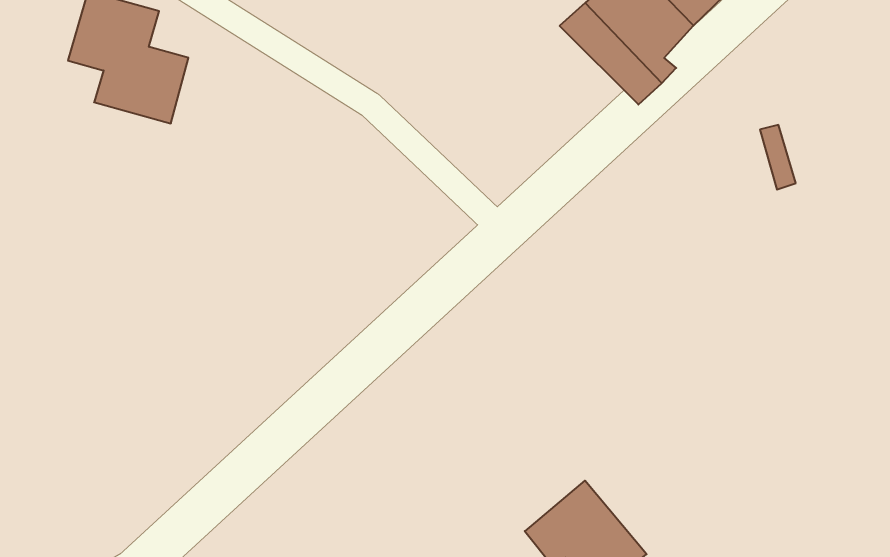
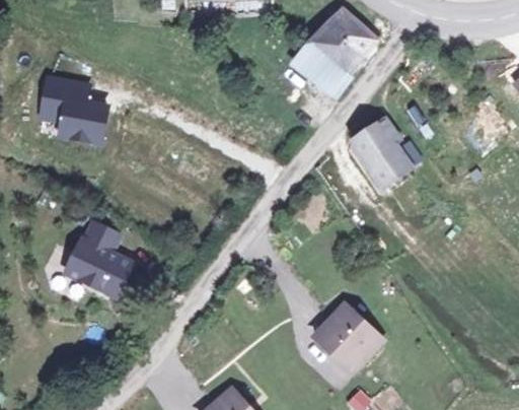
building: none -> [354,122,406,176]
building: none -> [63,217,130,291]

